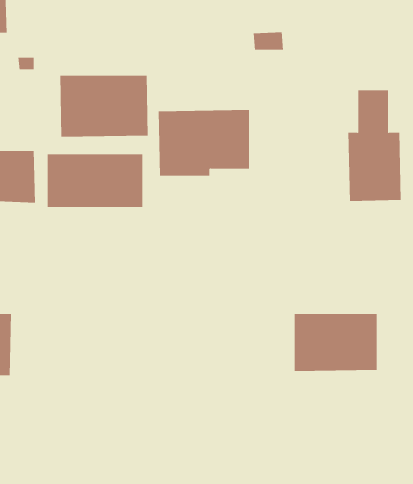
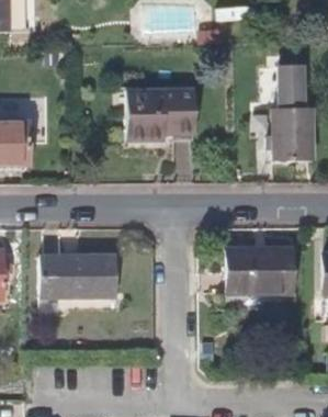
building: [60,75,148,138] -> none
building: [47,154,143,208] -> [45,256,120,297]

